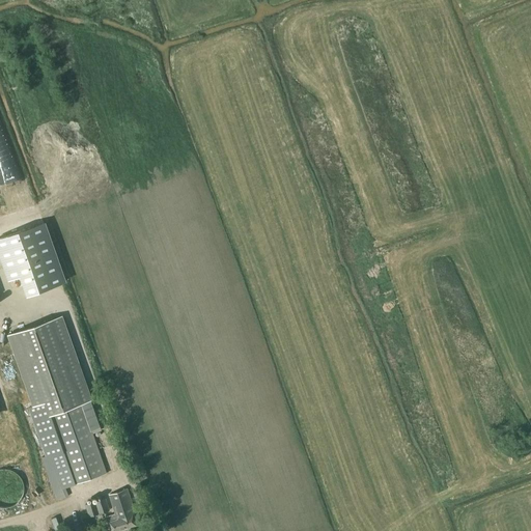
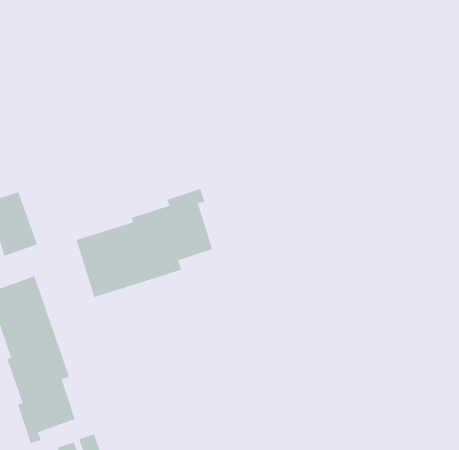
building: none -> [76,188,213,298]

